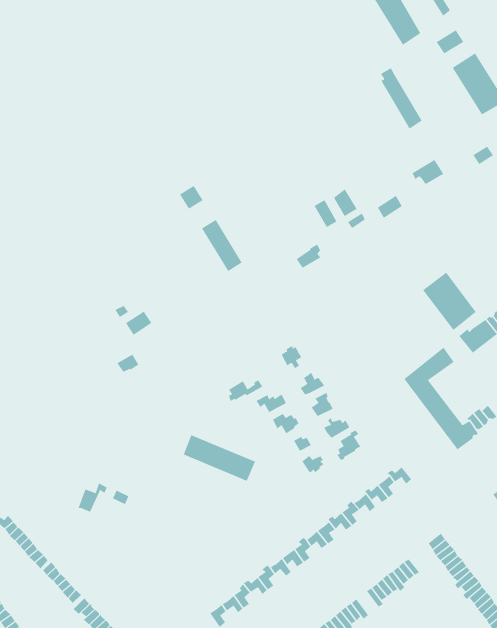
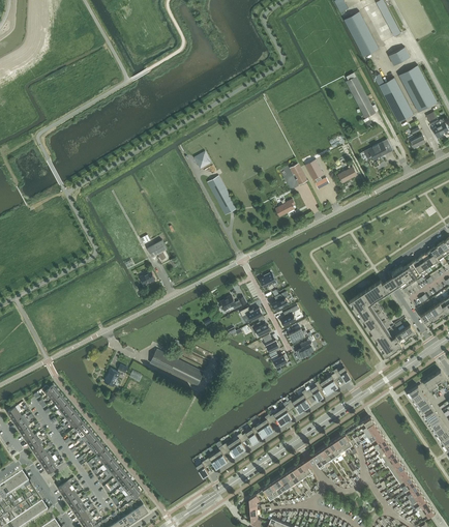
building: none -> [373,72,413,122]
building: [422,272,477,331] -> none
building: [183,435,256,482] -> [150,348,203,385]

